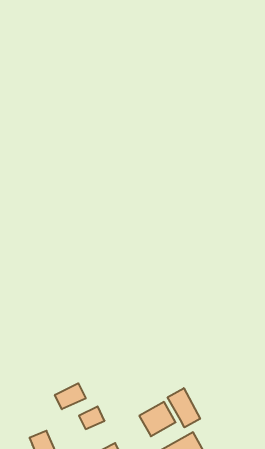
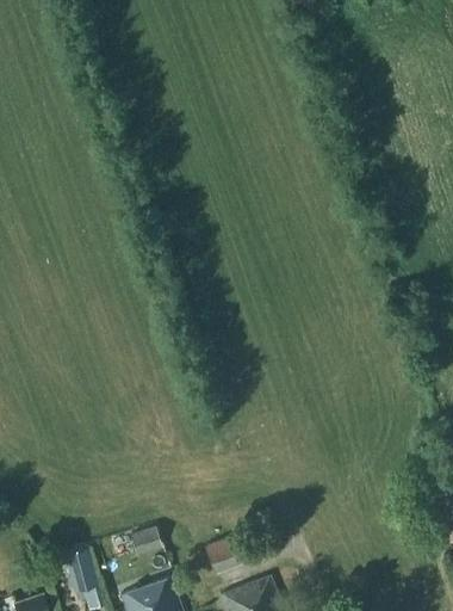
building: [55,383,86,409] -> none
building: [168,388,200,427] -> none

